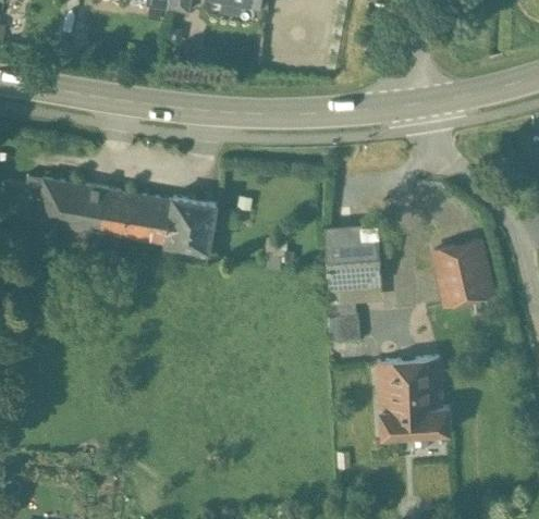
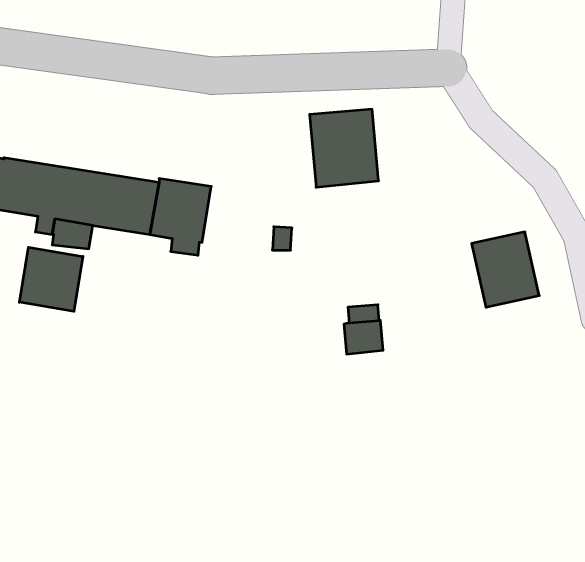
building: [324,225,382,291] -> [310,109,379,187]
building: none -> [19,247,83,311]
building: [377,358,453,438] -> none

